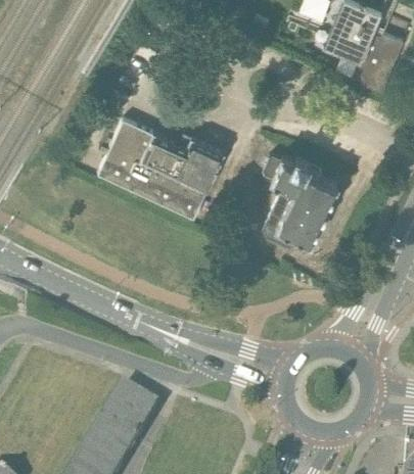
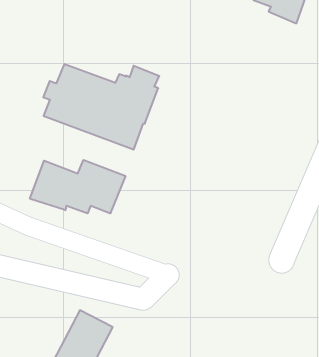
building: [263,154,338,247] -> none
building: none -> [30,160,125,213]

